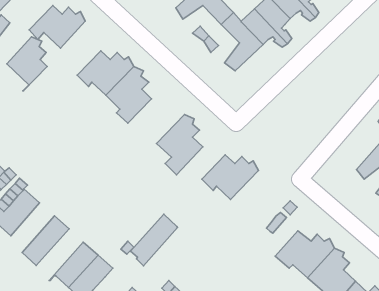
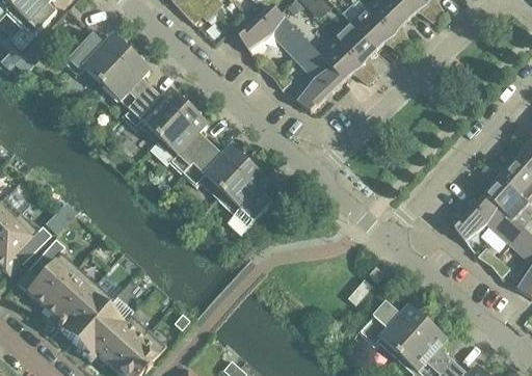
building: [7,37,47,91] -> [103,51,151,115]
building: [202,155,258,199] -> [183,143,250,196]
building: none -> [44,267,96,326]
building: [131,214,178,266] -> [74,298,130,359]

